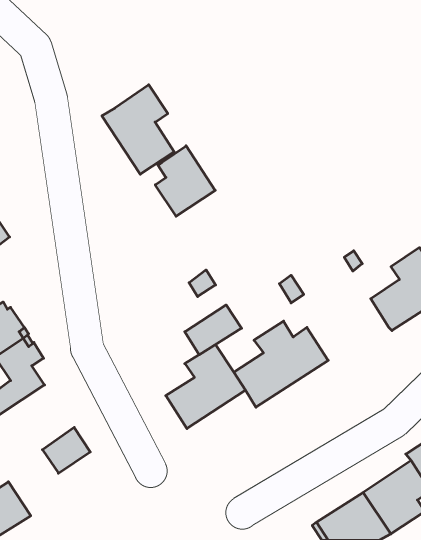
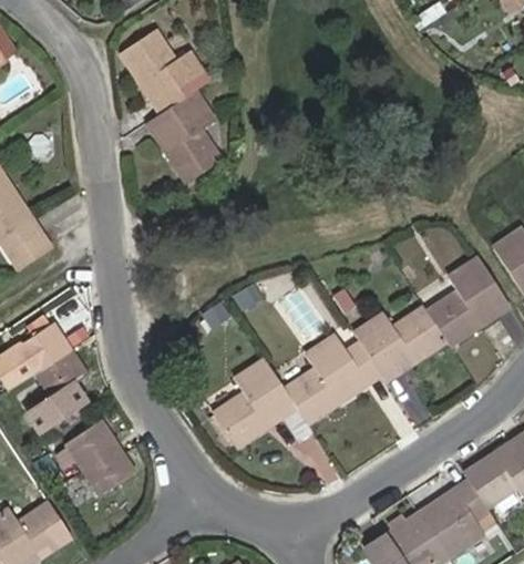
building: none -> [120,28,209,113]
building: [155,146,215,216] -> none
building: none -> [355,306,445,380]
building: [185,305,242,355] -> none
building: none -> [65,418,117,469]

